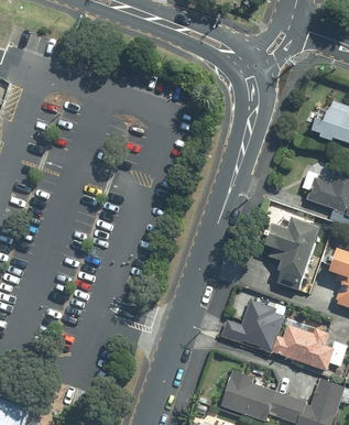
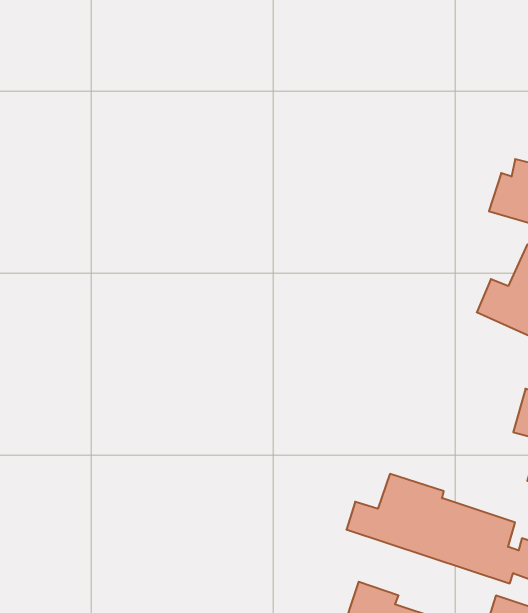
building: [260,217,319,293] -> none

